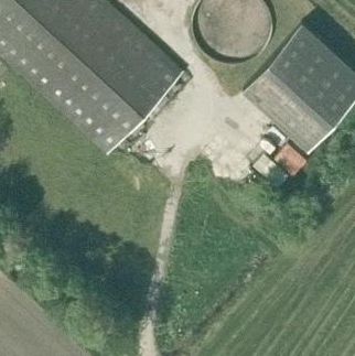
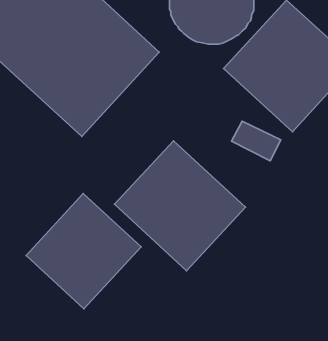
building: none -> [115,141,246,271]
building: none -> [26,194,141,309]

